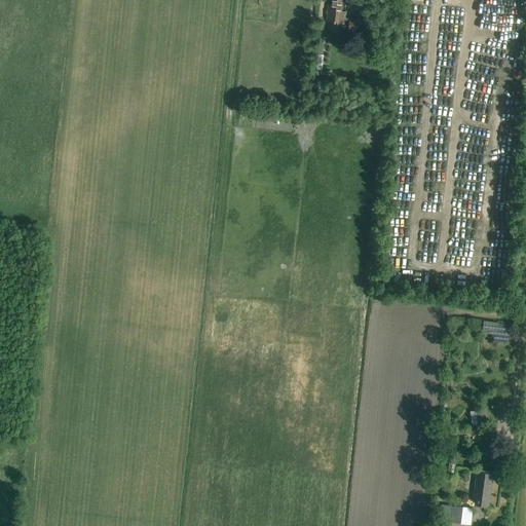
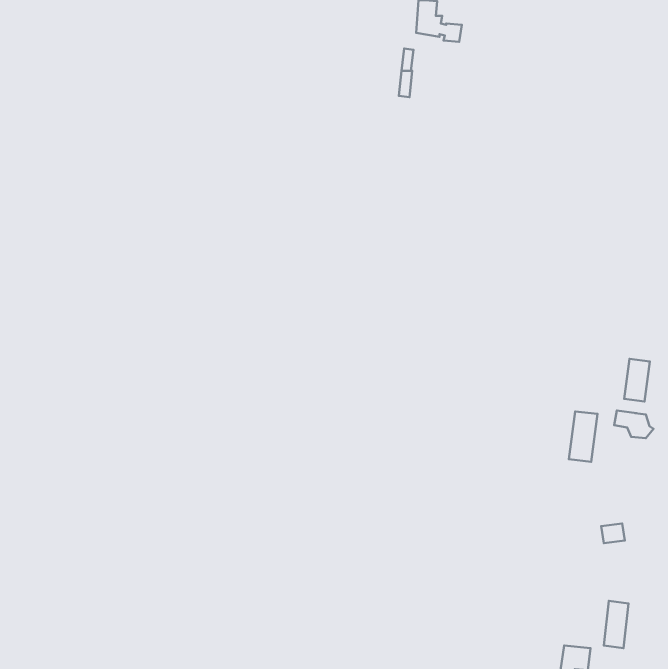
building: none -> [624,359,650,401]
building: none -> [569,411,598,462]

